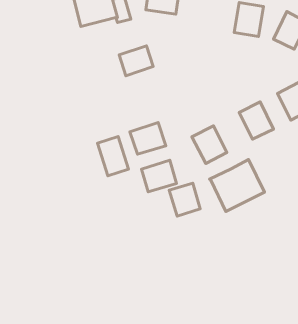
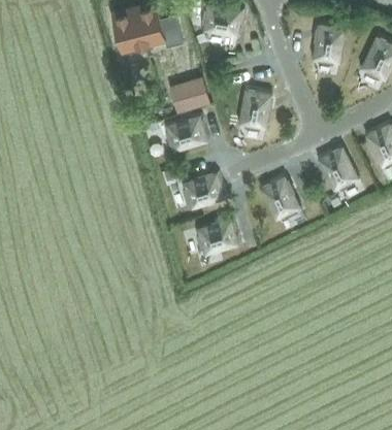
building: none -> [237,89,272,130]
building: none -> [165,114,208,154]
building: [97,136,129,176] -> none
building: [210,160,265,212] -> none
building: [169,183,200,216] -> none

